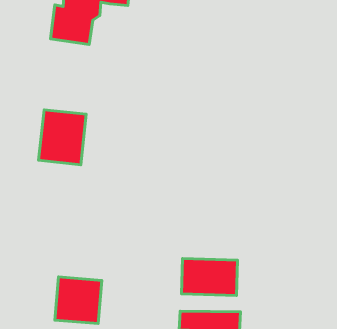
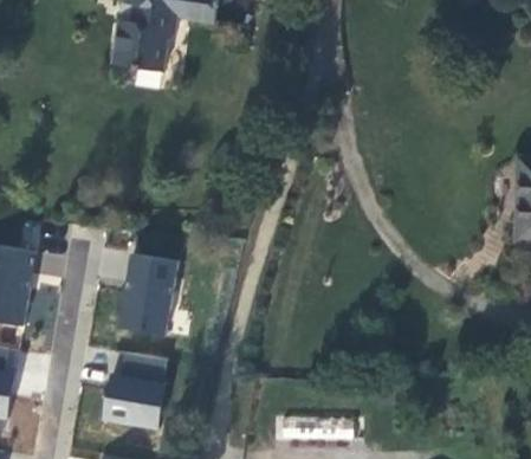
building: [39,110,86,165] -> [122,269,184,341]
building: [181,259,238,295] -> none

